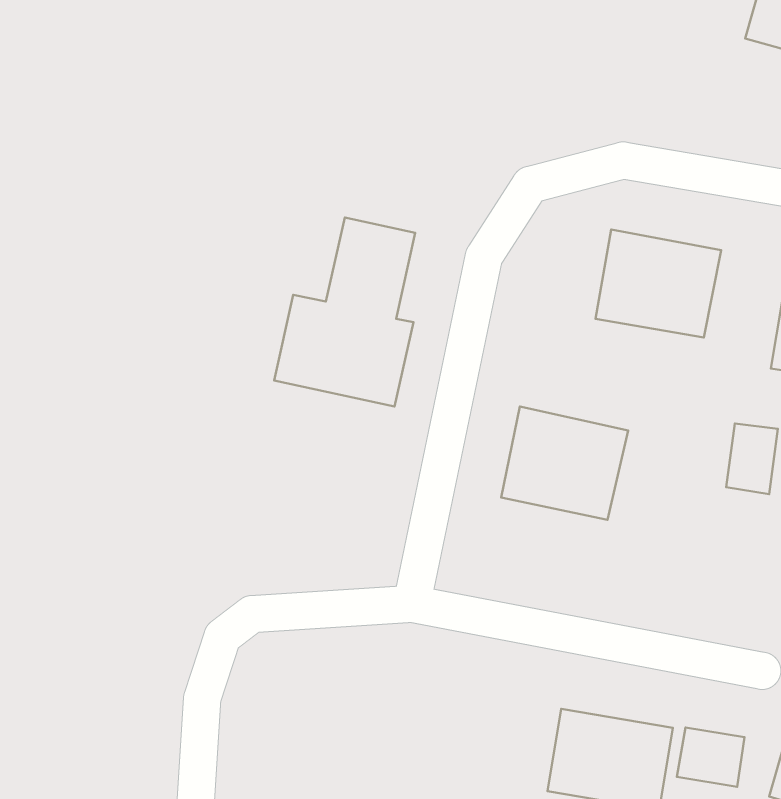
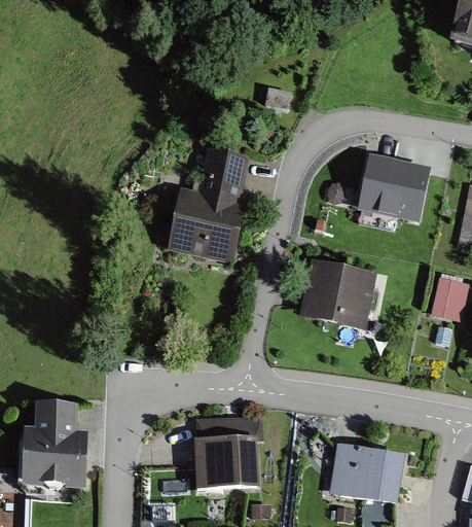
building: none -> [23,402,82,482]
building: none -> [196,435,260,489]
building: [677,727,745,787] -> none

